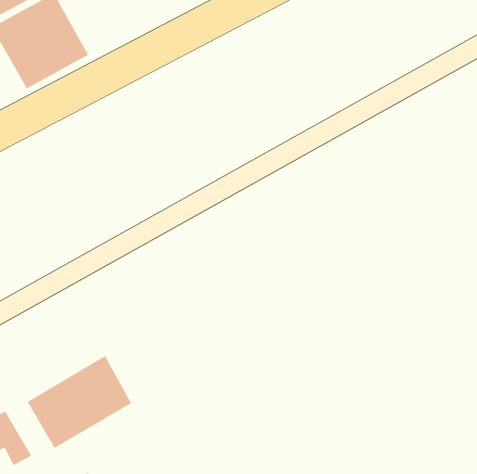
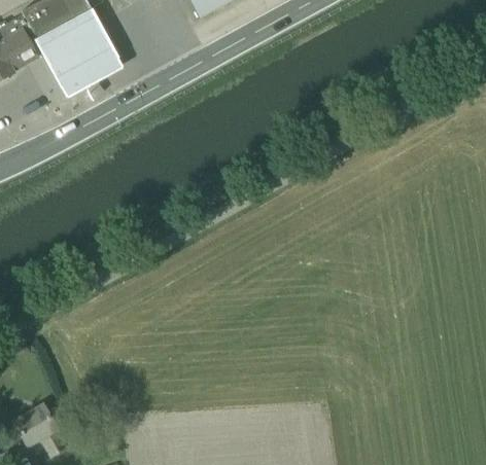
building: [27,355,132,449] -> none

